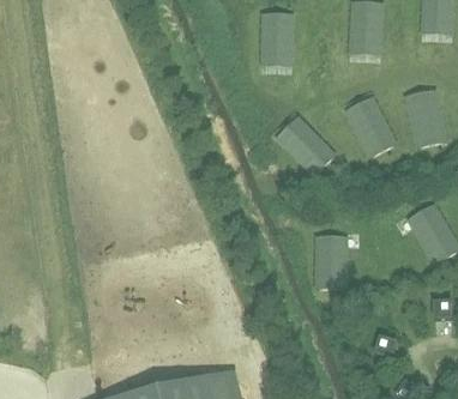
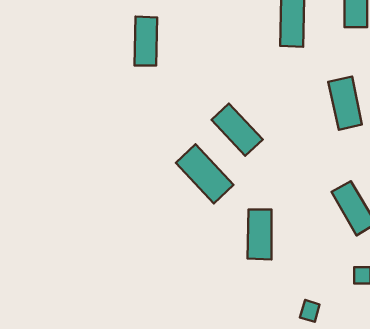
building: [265,10,290,64] -> [134,16,157,65]
building: [348,97,393,156] -> none
building: none -> [176,144,234,203]

